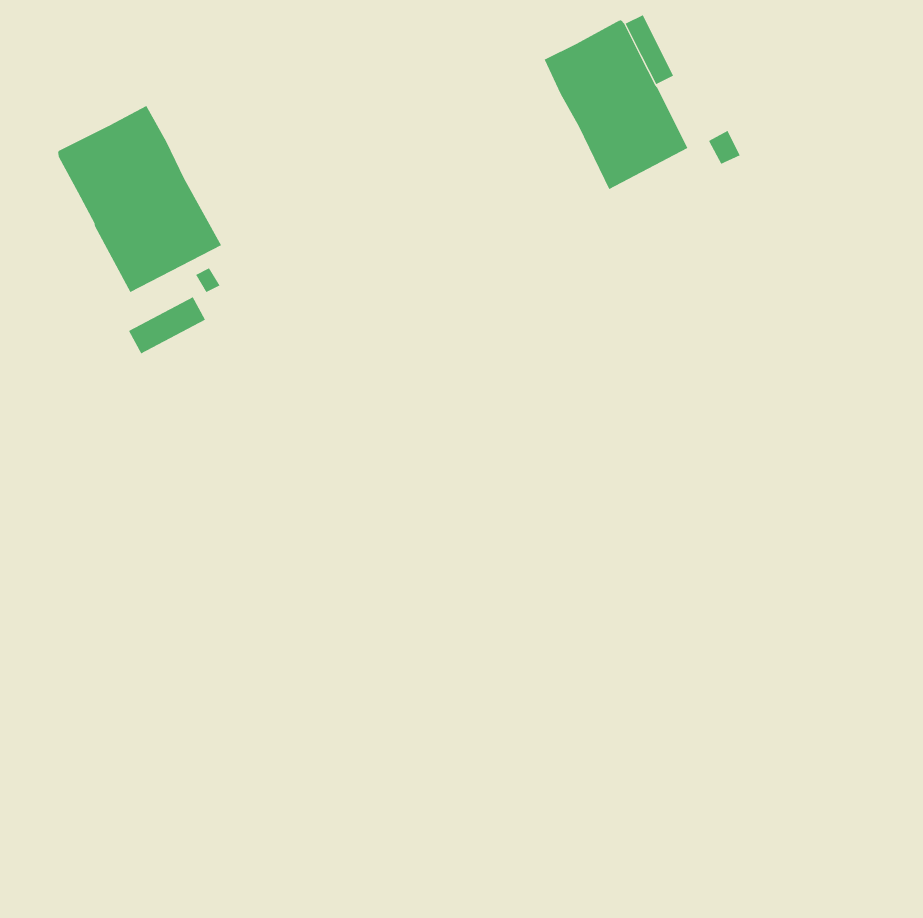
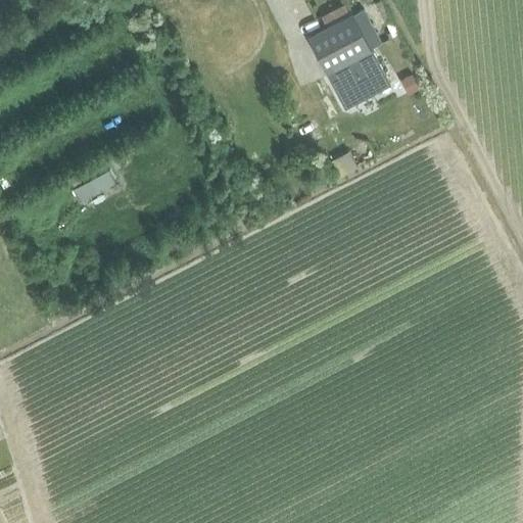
building: [58,105,222,293] -> none

